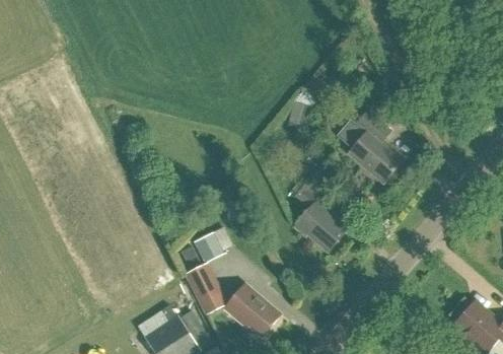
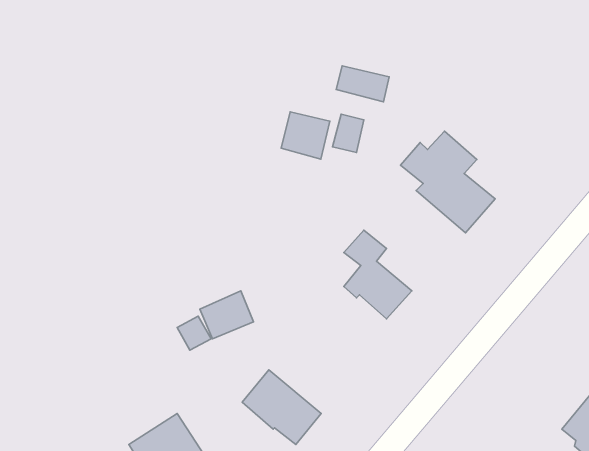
building: none -> [336,66,389,102]
building: none -> [281,112,330,159]
building: [186,264,224,312] -> none

